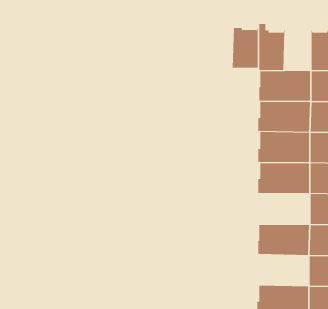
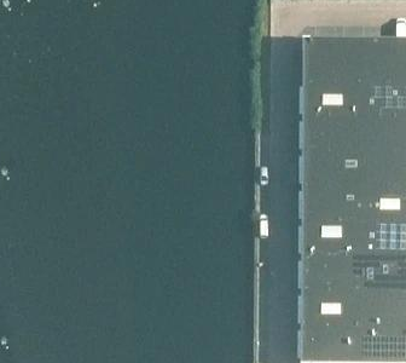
building: [232,28,259,68] -> [332,38,362,83]
building: none -> [302,223,361,258]
building: none -> [301,292,360,328]

